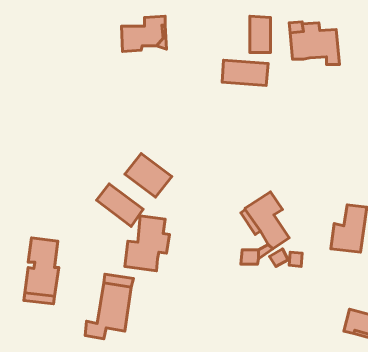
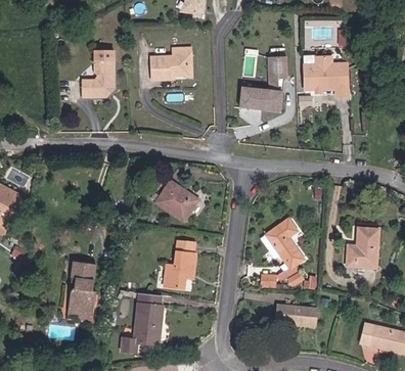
building: none -> [80,43,112,92]
building: [96,184,143,226] -> none
building: none -> [275,305,318,327]

